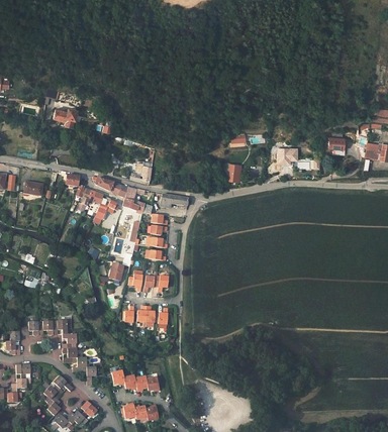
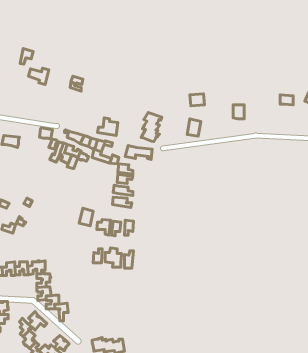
building: none -> [141,113,162,142]
building: [111,369,159,391] -> none

